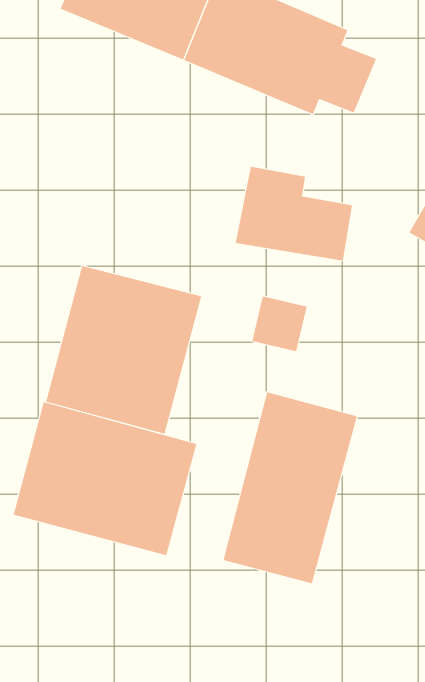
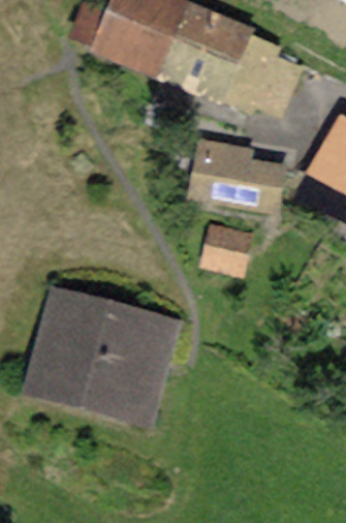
building: [46,265,202,435] -> none
building: [223,392,357,584] -> none

